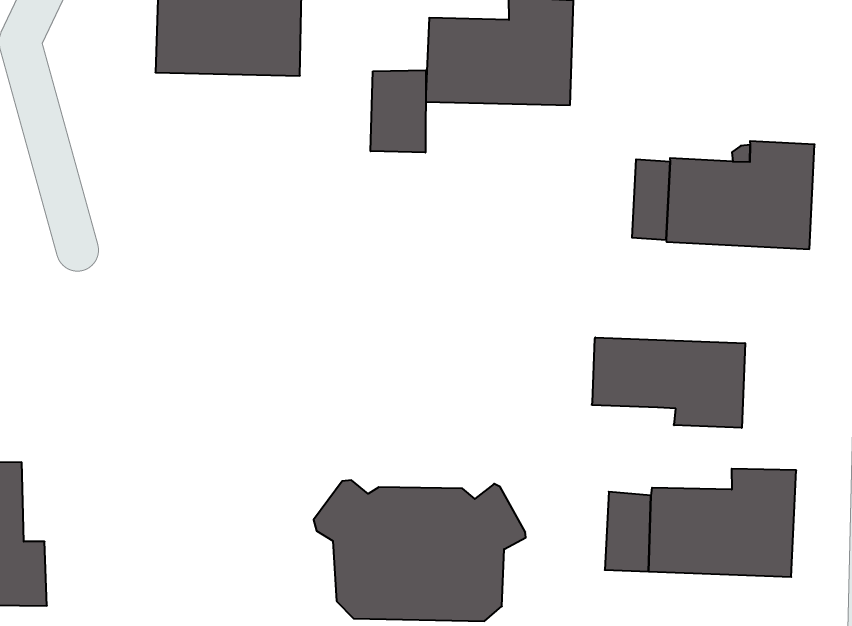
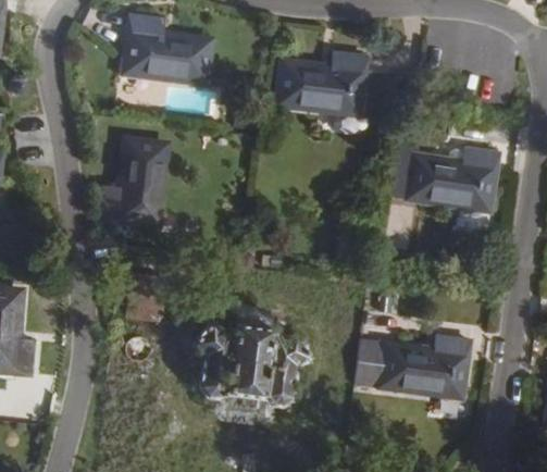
building: [371,70,426,153] -> none
building: none -> [100,138,170,225]
building: [592,337,745,428] -> none

